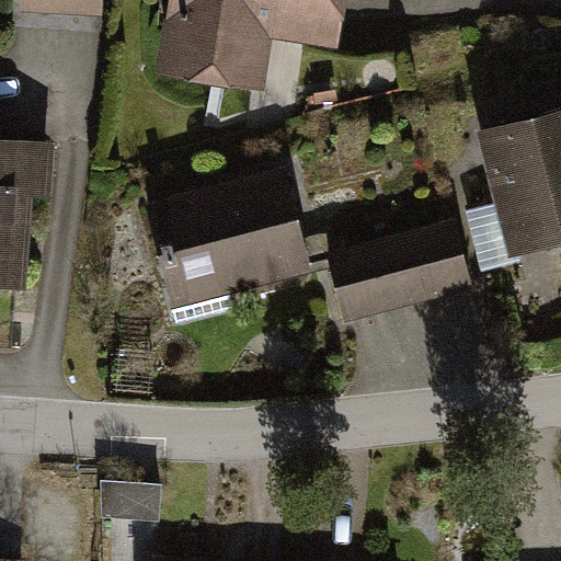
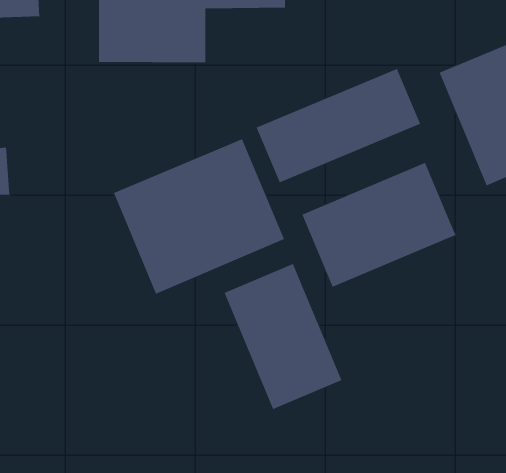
building: none -> [256,68,421,183]
building: none -> [224,263,342,410]

